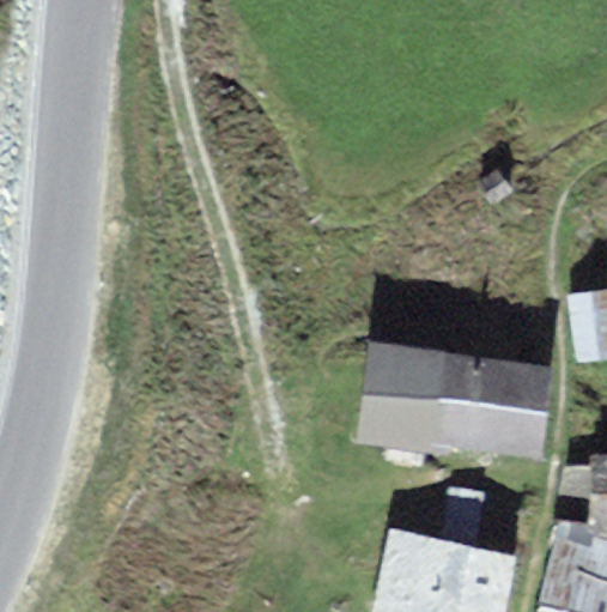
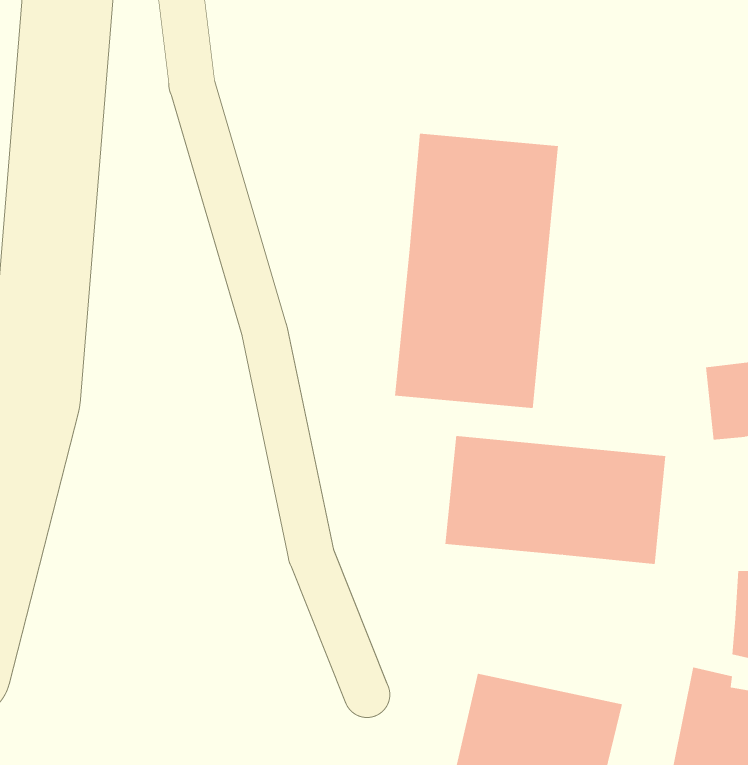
building: none -> [394,133,558,409]

